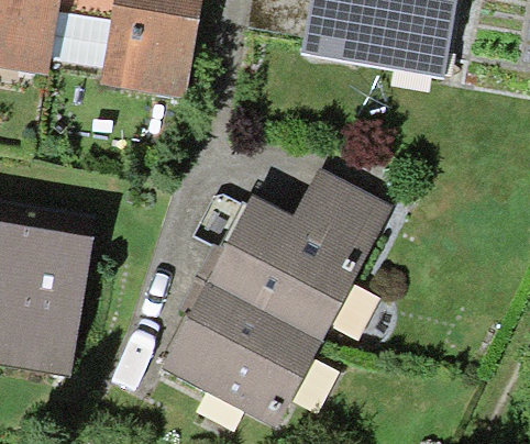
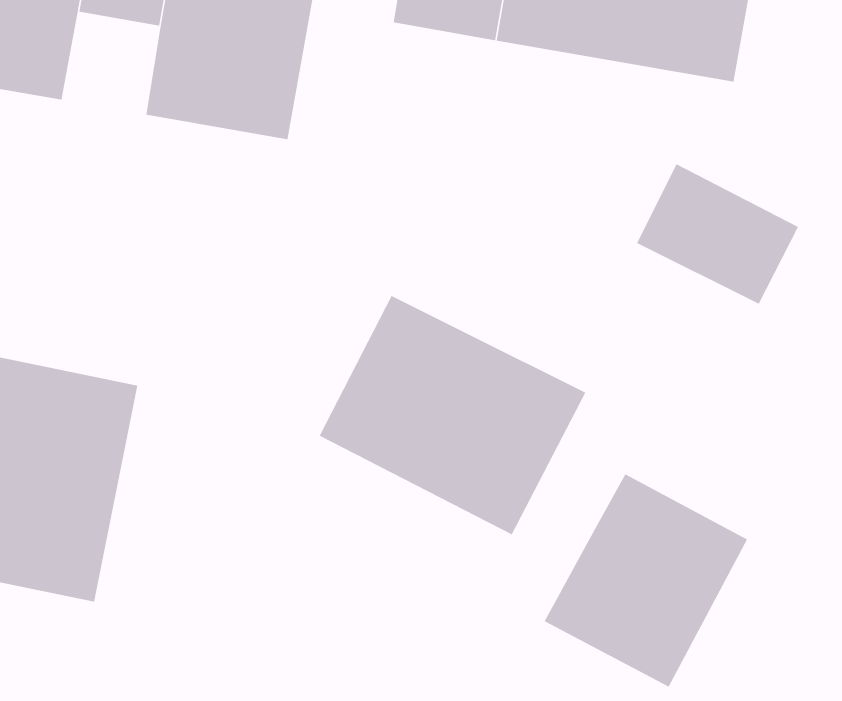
building: [291,168,390,254] -> [636,164,799,304]
building: [157,280,321,428] -> none
building: none -> [544,474,748,687]

